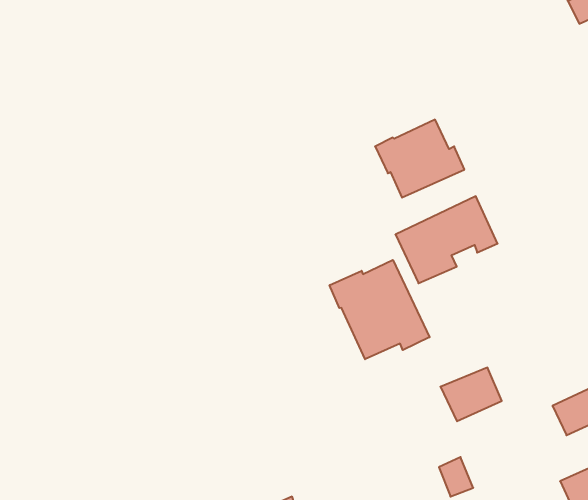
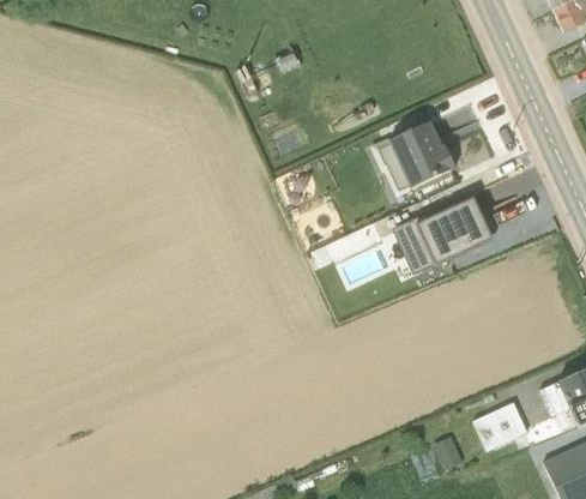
building: [330,260,430,359] -> none
building: [440,368,502,421] -> [472,404,530,455]

